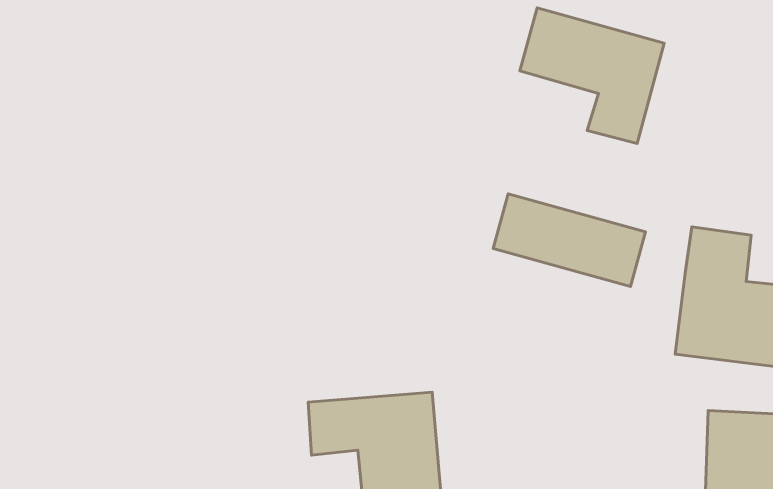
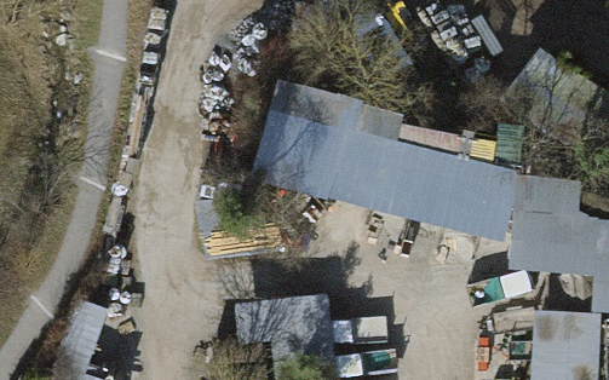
building: [520,8,664,143] -> none
building: none -> [253,76,346,209]

